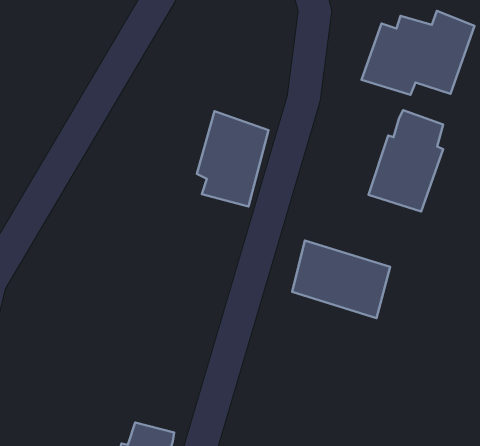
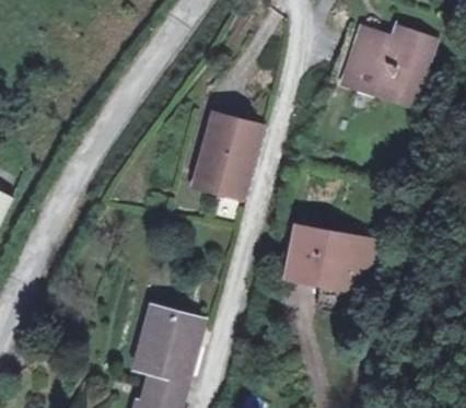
building: [368,110,443,212] -> none
building: none -> [133,308,200,393]

